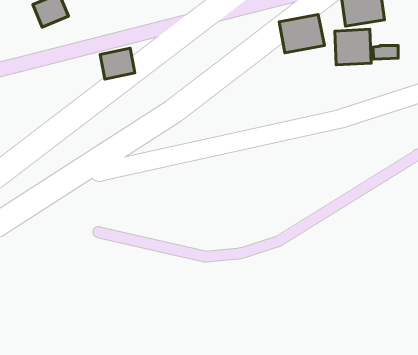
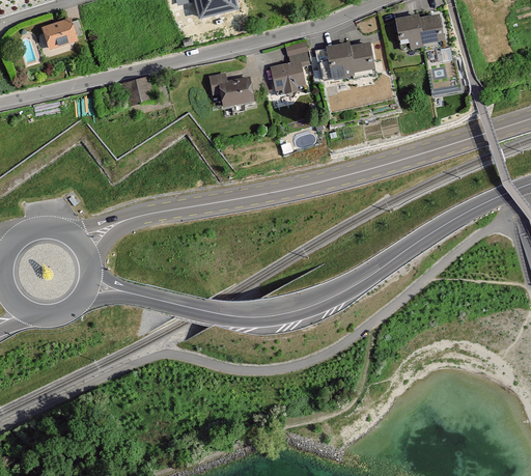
building: none -> [270,50,310,93]
building: [335,29,371,65] -> none
building: none -> [203,68,257,107]

